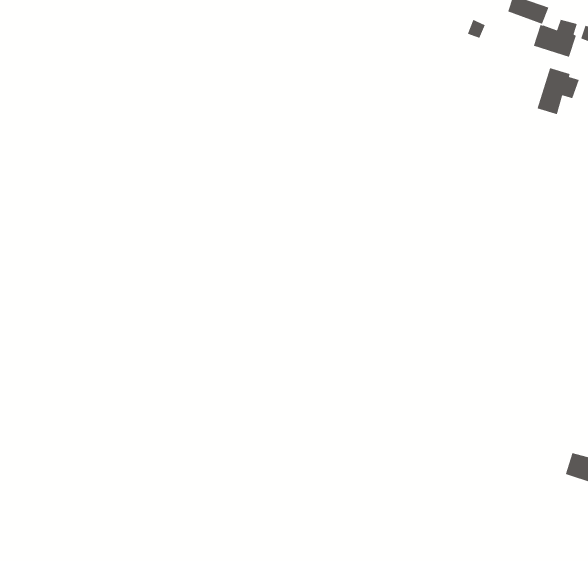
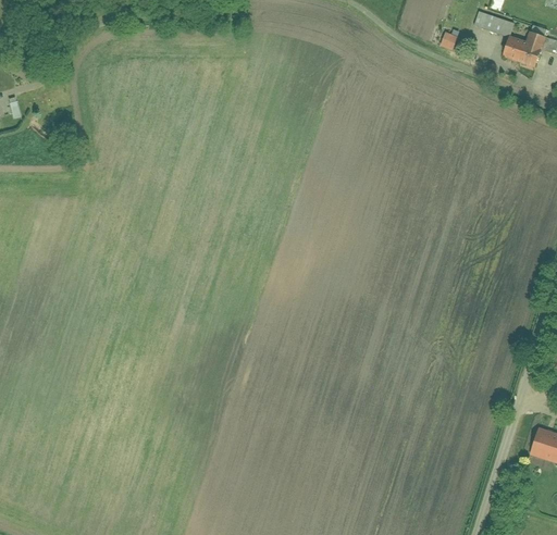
building: [537,67,580,115] -> none

